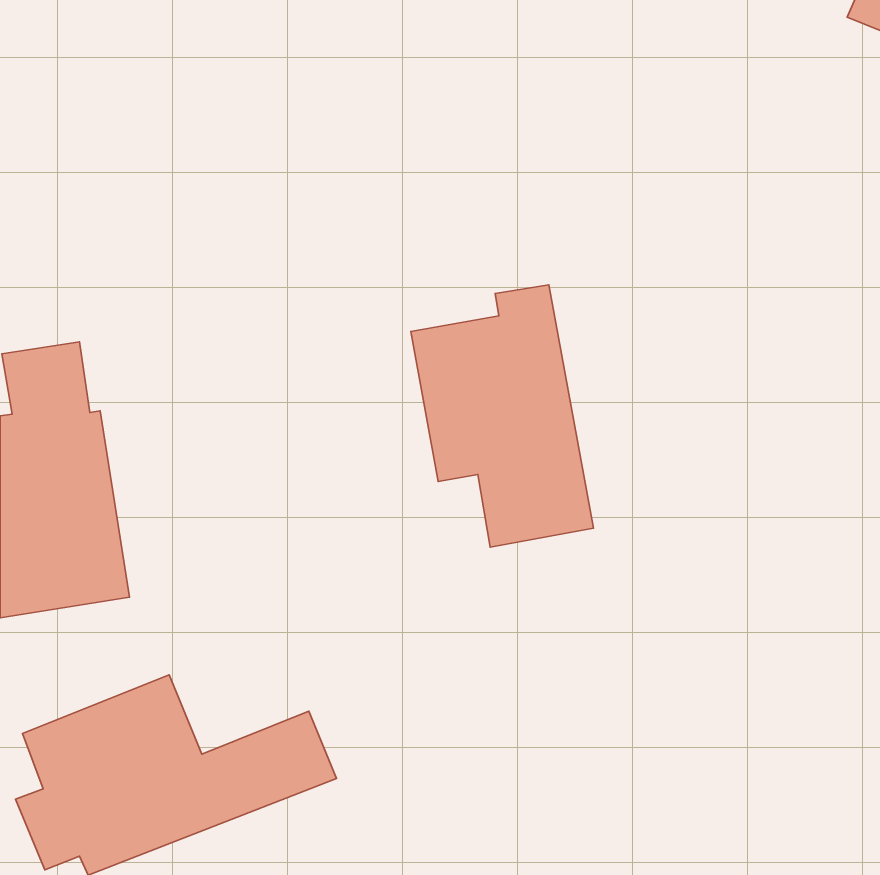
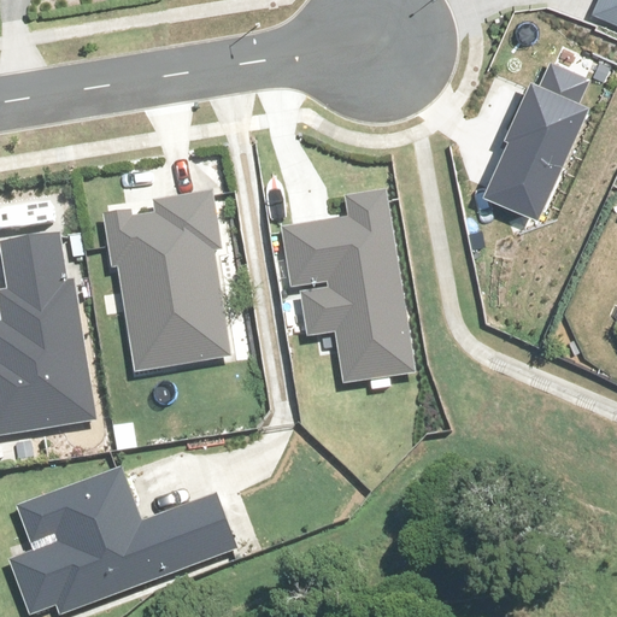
building: none -> [477,66,592,211]
building: none -> [105,190,233,372]

